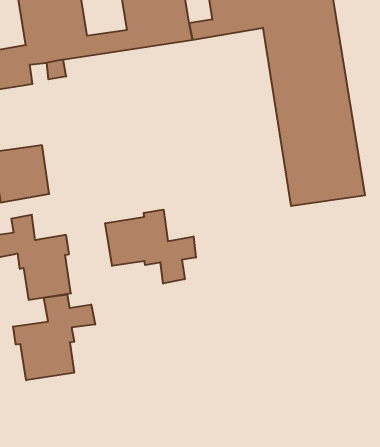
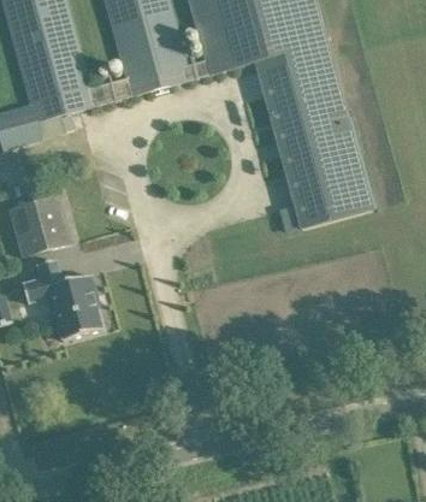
building: [105,210,196,284] -> none
building: [13,295,95,380] -> none

